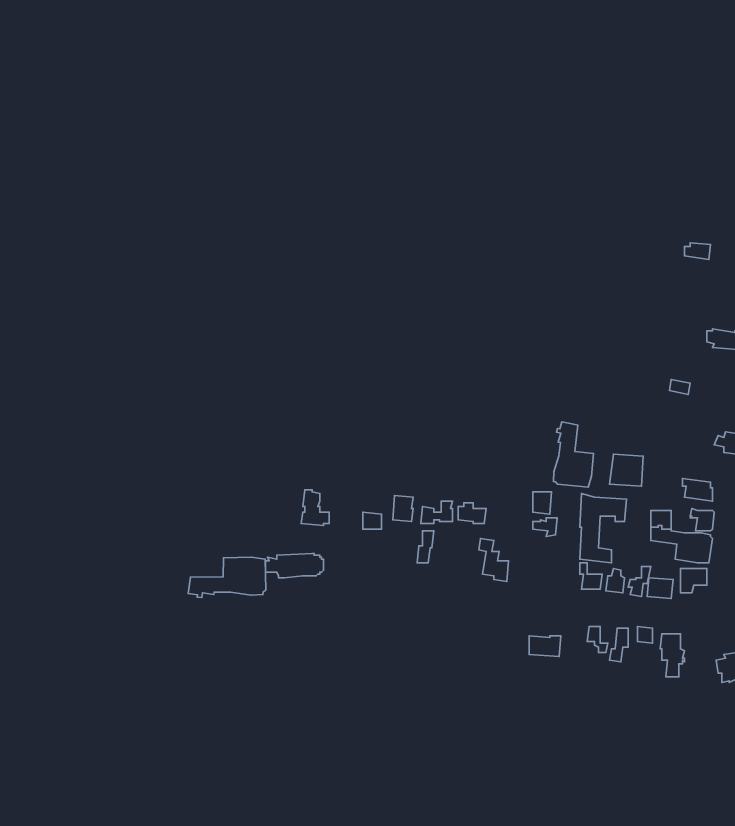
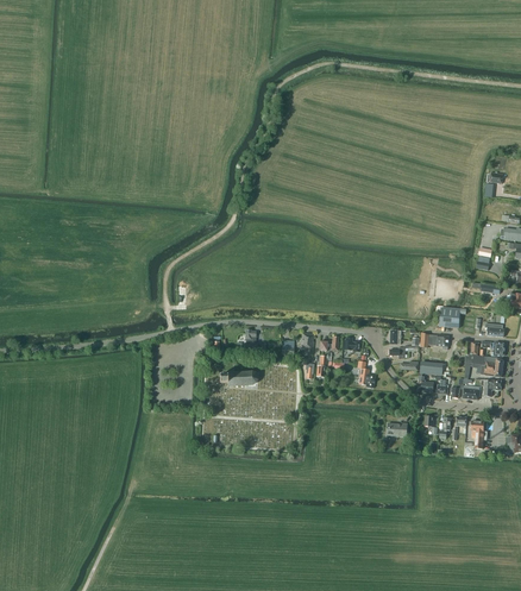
building: [553,422,594,487] -> none
building: [188,557,266,598] -> none

